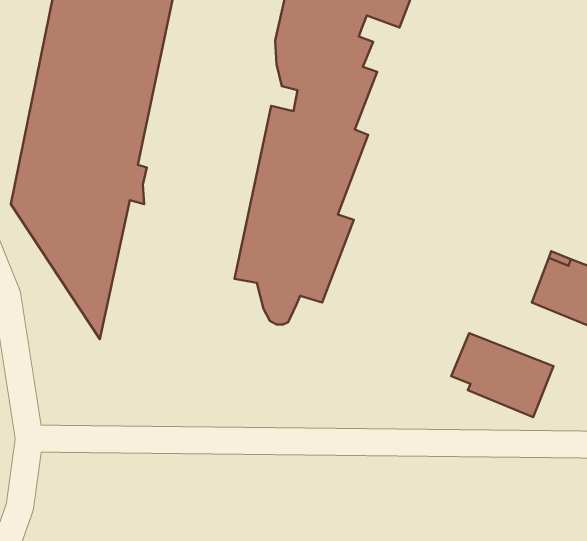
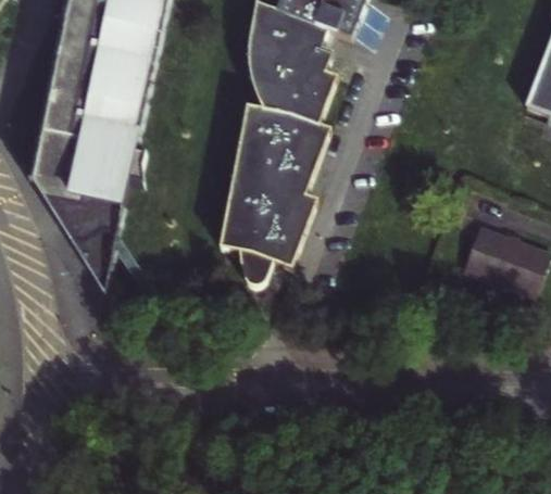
building: [451,333,554,417] -> none

